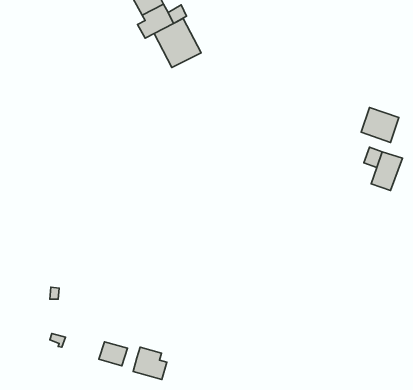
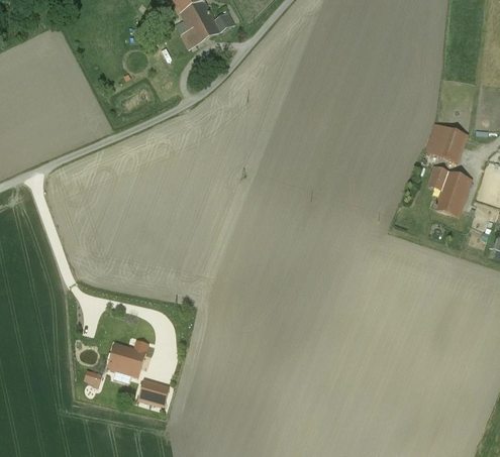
building: [154,19,201,68] -> none
building: none -> [106,338,148,376]
building: [133,347,167,379] -> none

